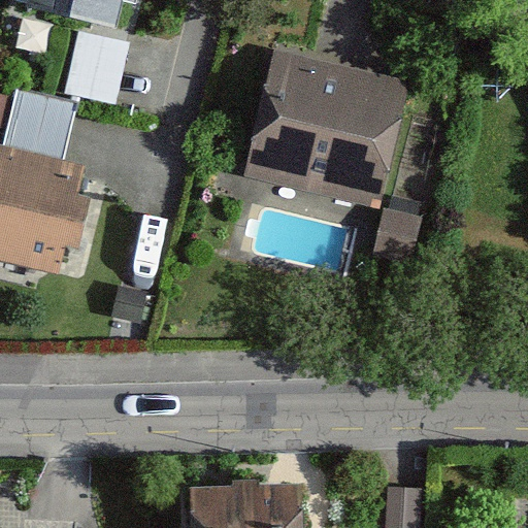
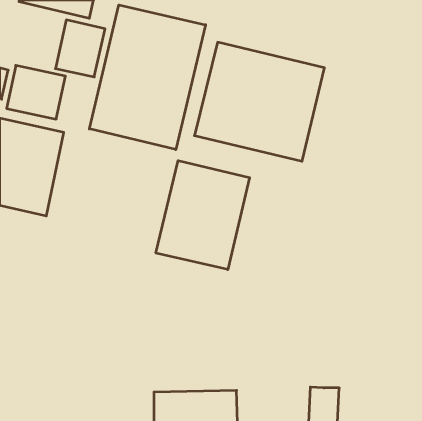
building: none -> [89,5,206,150]
building: none -> [156,161,250,270]

